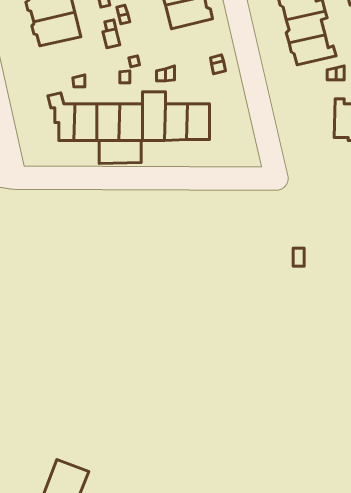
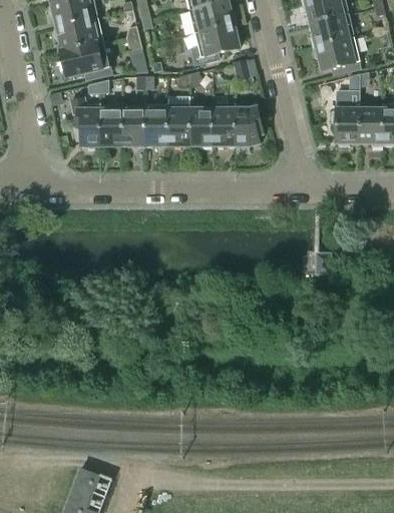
building: none -> [191,23,240,63]
building: none -> [60,41,110,76]
building: none -> [334,103,360,144]
building: none -> [234,106,263,144]
building: [99,141,141,163] -> none

